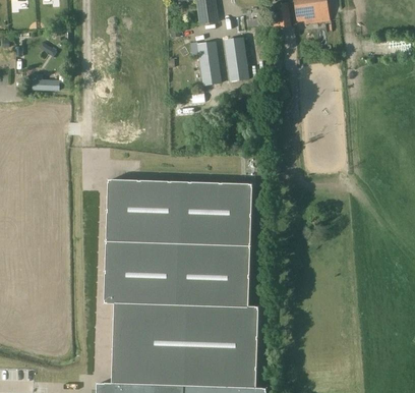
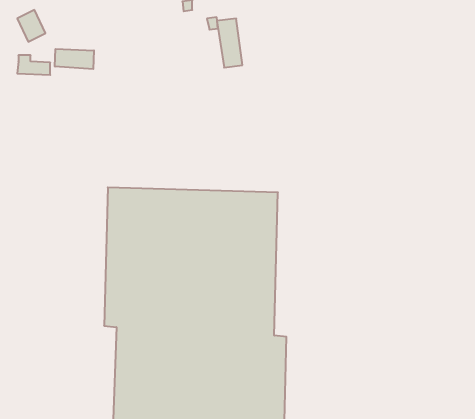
building: [225,37,248,80] -> none
building: none -> [55,49,94,69]

